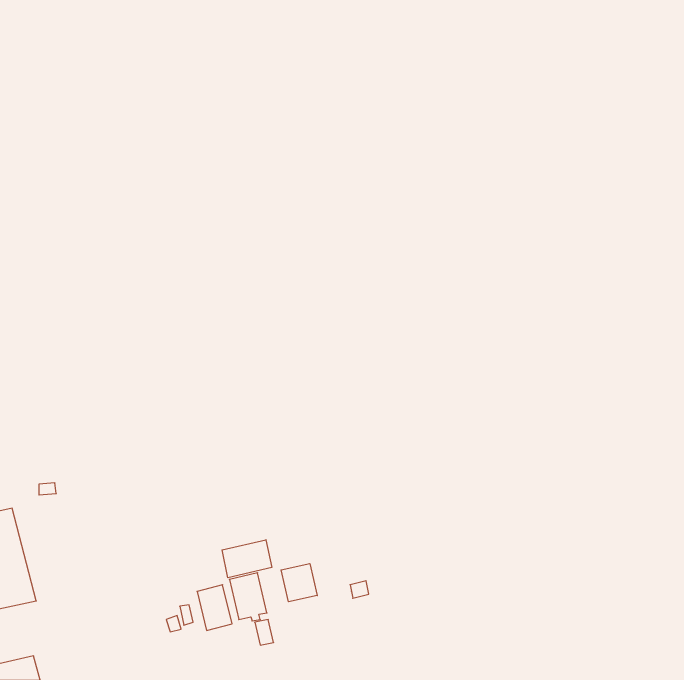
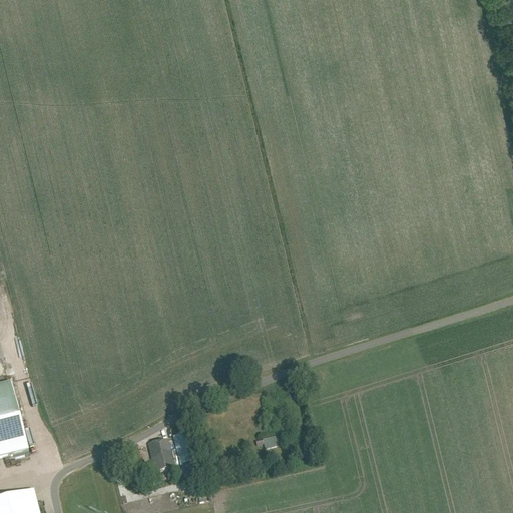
building: [222,540,272,578] -> none
building: [281,564,317,602] -> none

